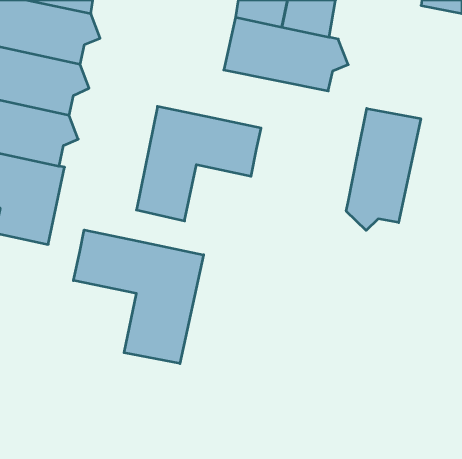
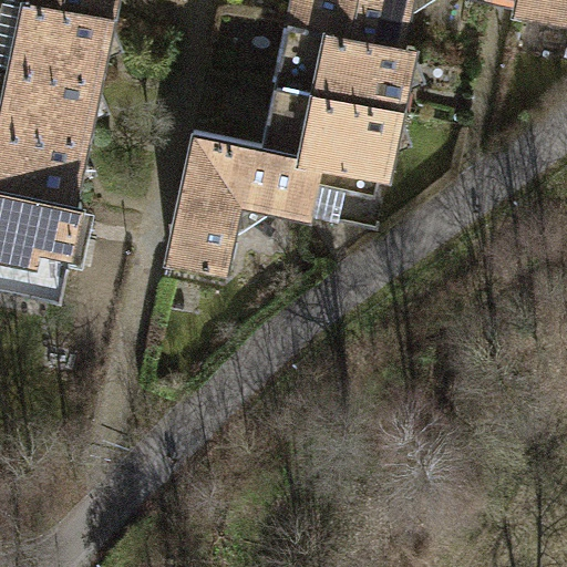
building: none -> [260,92,411,194]
building: [346,108,421,230] -> none
building: [73,230,204,364] -> none

